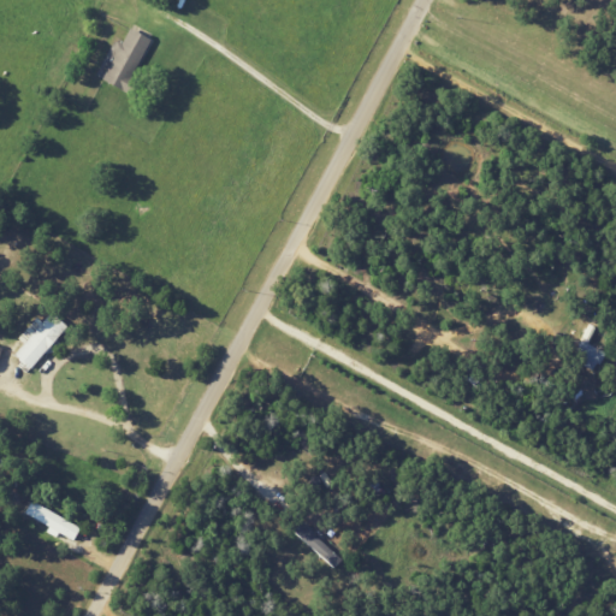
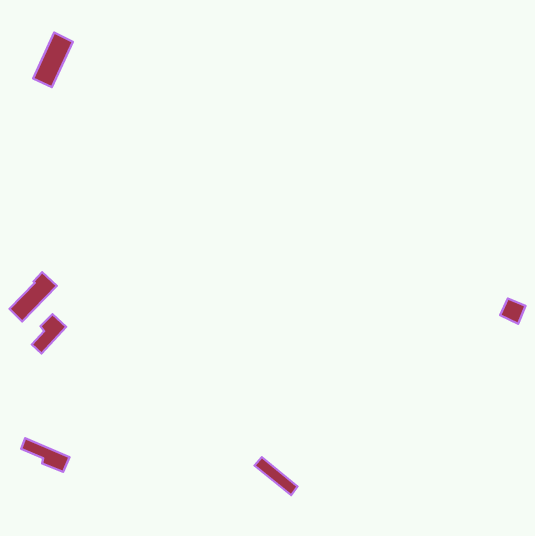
building: [103,29,149,91] -> [33,32,73,87]
building: none -> [32,314,66,354]

